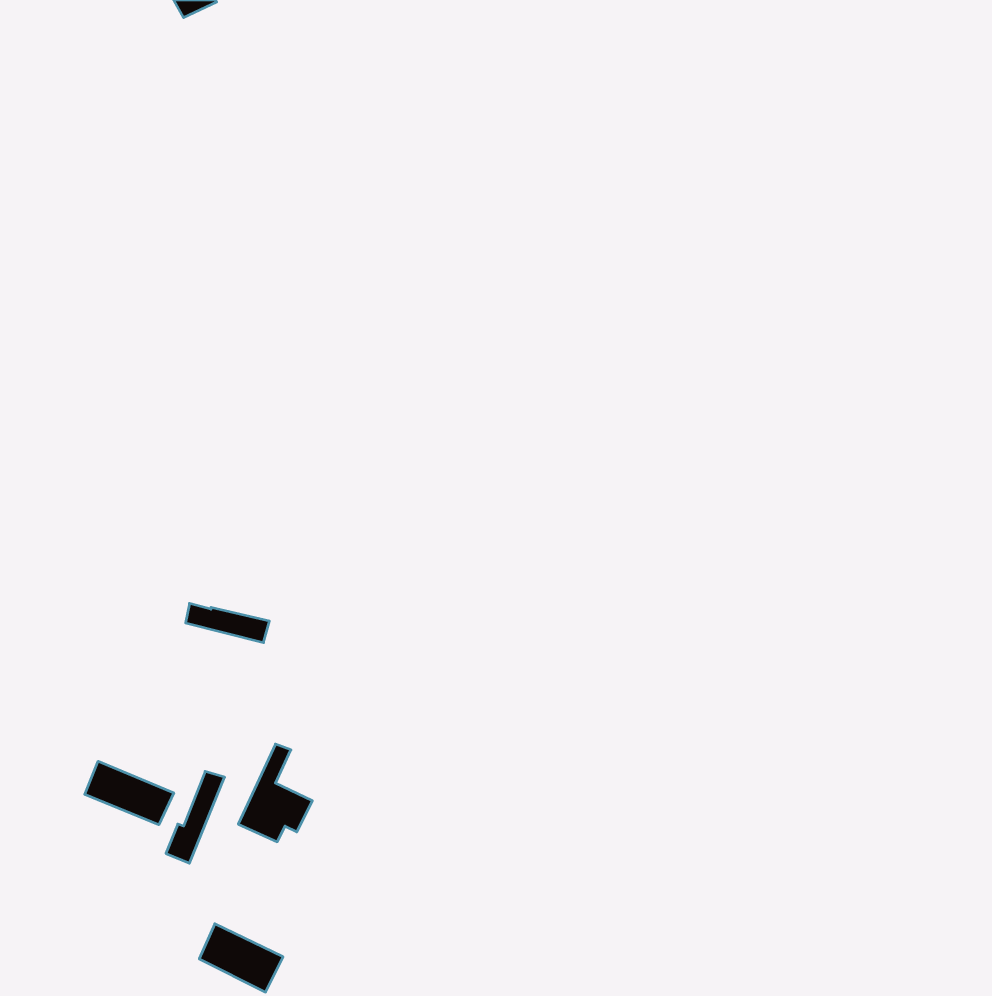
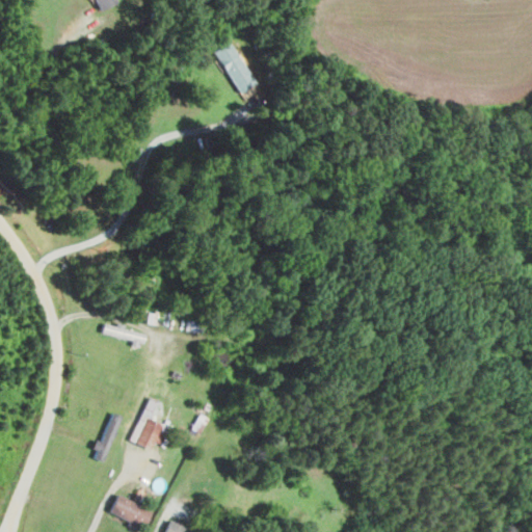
building: none -> [215,42,256,94]
building: [85,761,174,825] -> none

